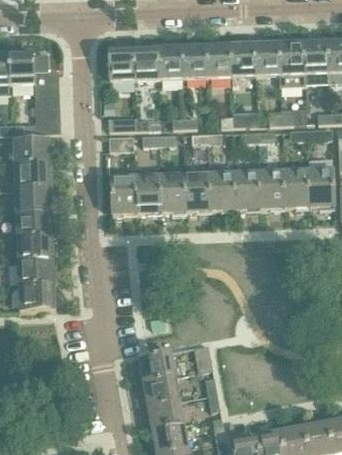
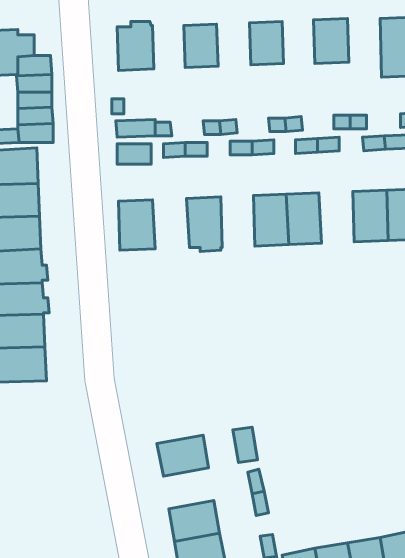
building: [279,41,305,87] -> none
building: [231,42,255,75] -> none
building: [183,44,208,77] -> none
building: [135,46,159,79] -> none
building: [258,169,284,208] -> none
building: [186,173,211,211] -> none
building: [135,175,162,212] -> none
building: [143,374,181,405] -> none

